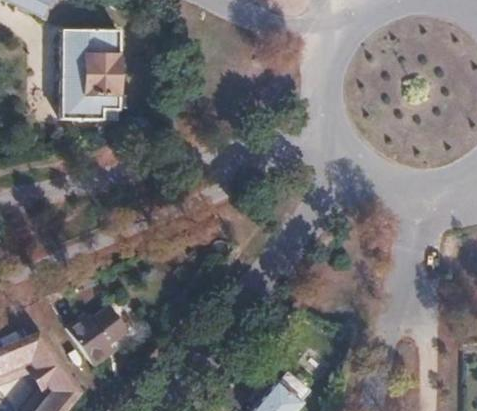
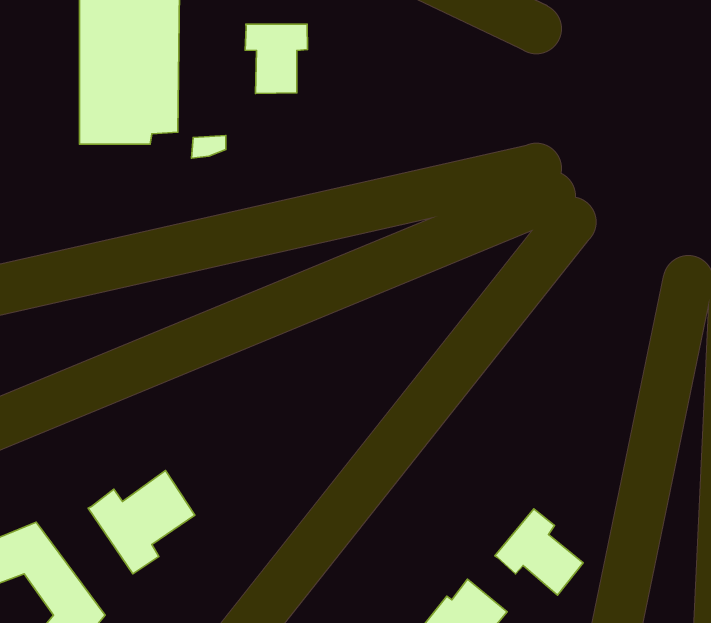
building: none -> [245,24,308,94]
building: none -> [495,509,583,595]

